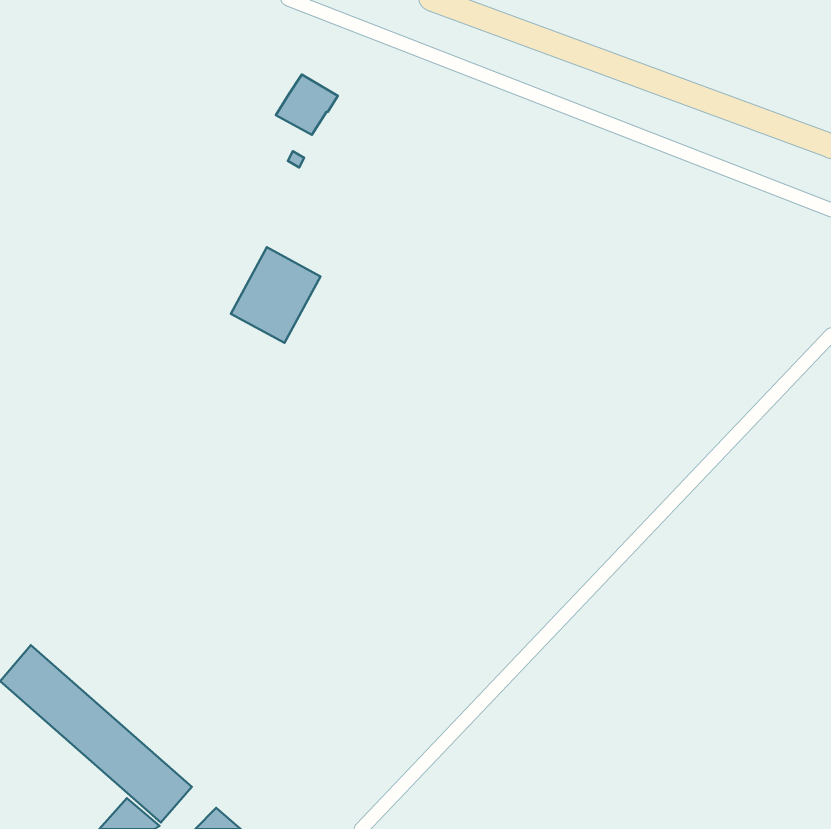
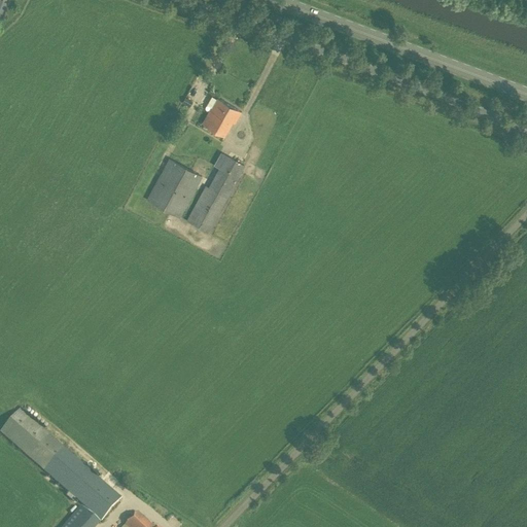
building: [276,75,338,135] -> [202,97,241,135]
building: none -> [186,153,245,232]

